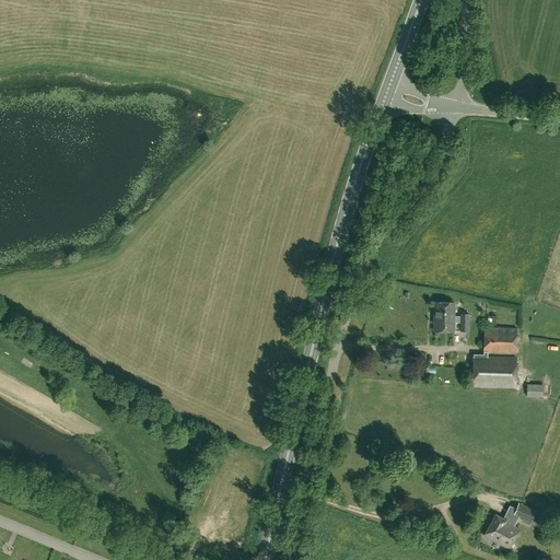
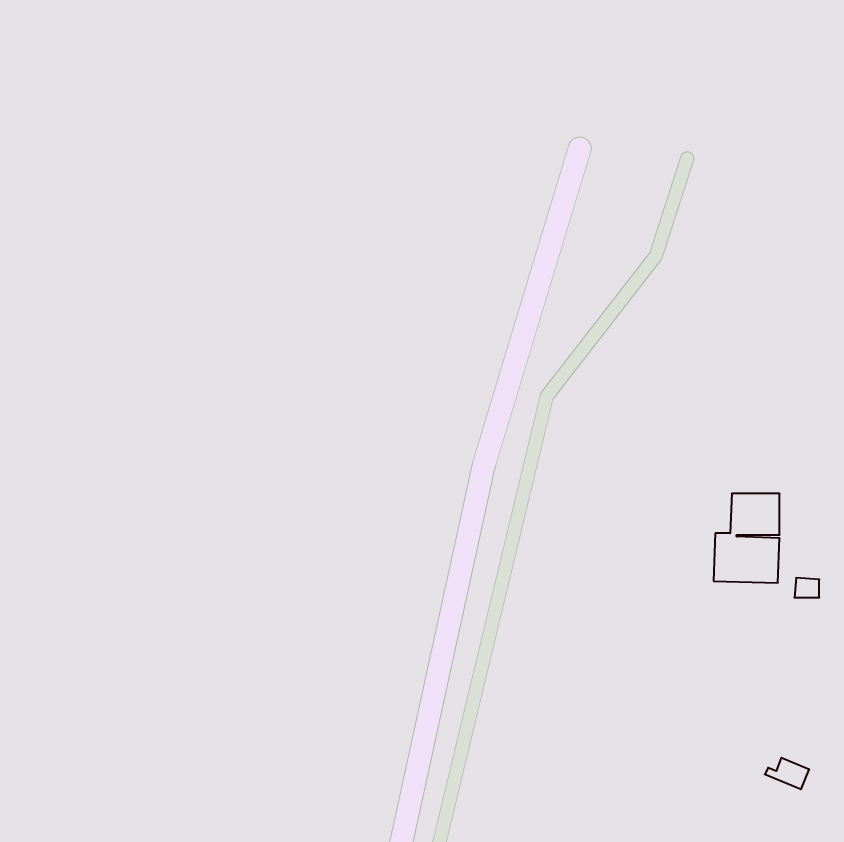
building: [434,302,469,331] -> none
building: [485,514,520,551] -> none

